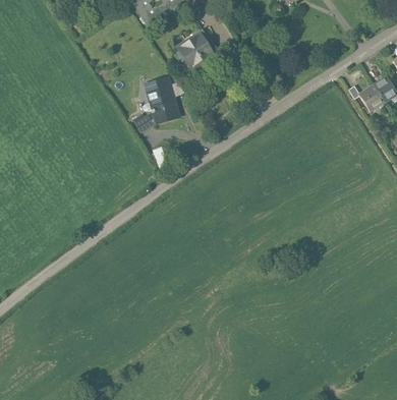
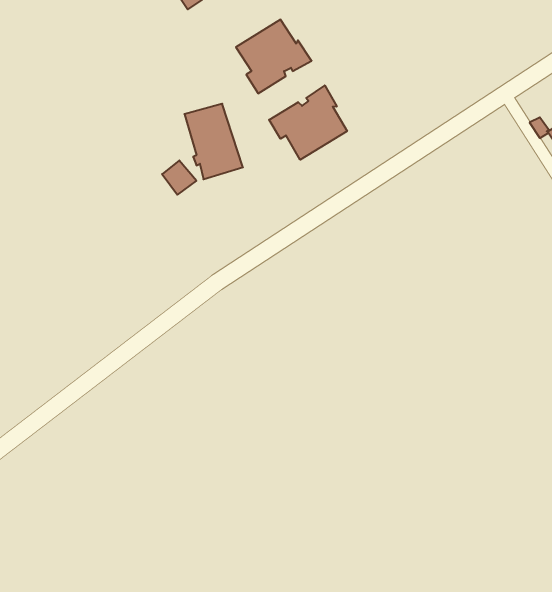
building: none -> [269,85,347,160]

